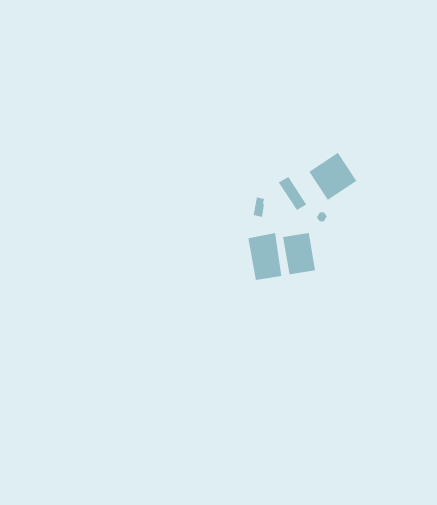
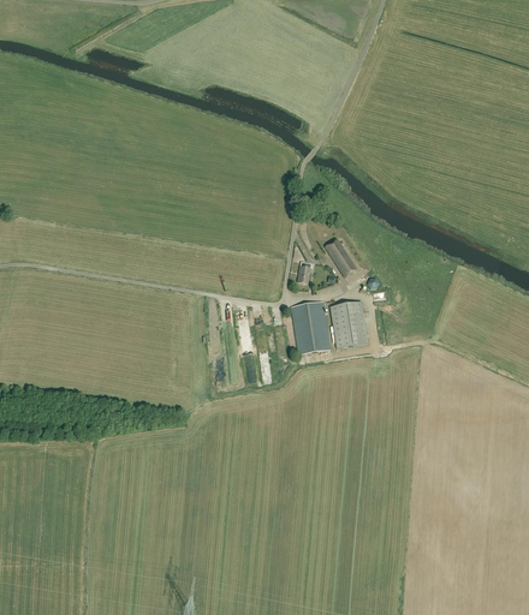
building: [309,152,357,201] -> none

